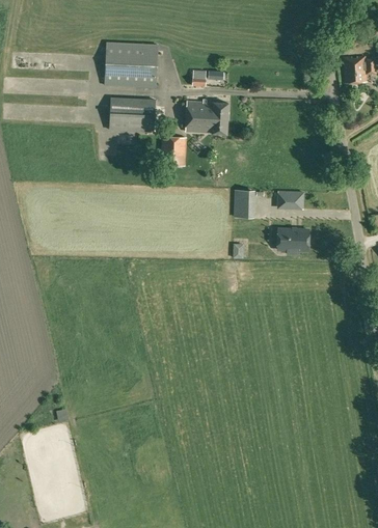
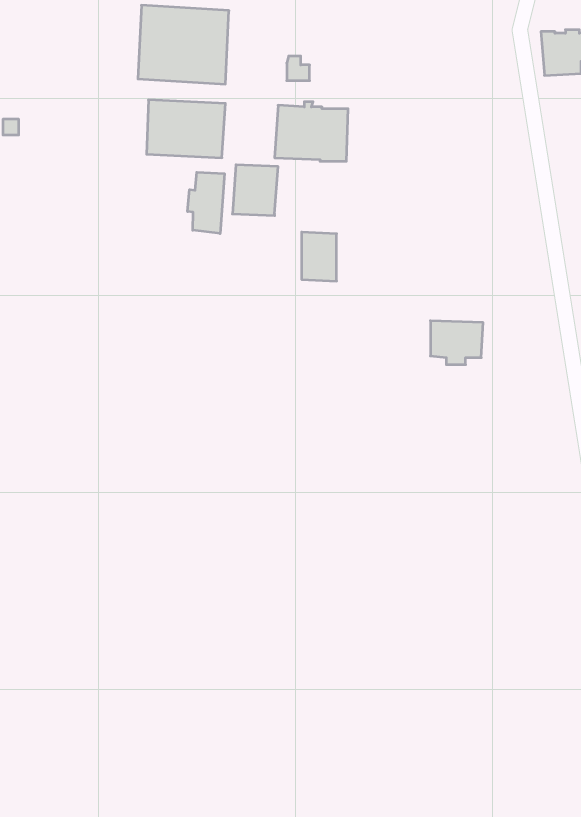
building: none -> [188,172,224,234]
building: [234,189,254,218] -> [302,232,337,281]
building: [276,191,304,210] -> none

